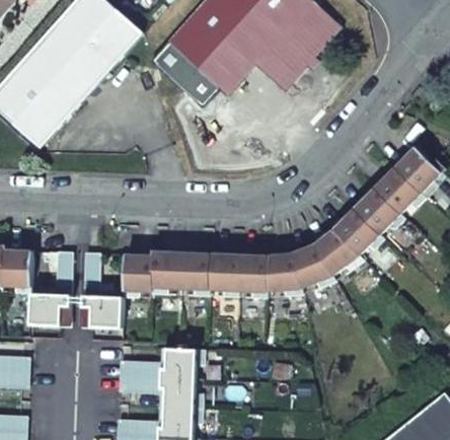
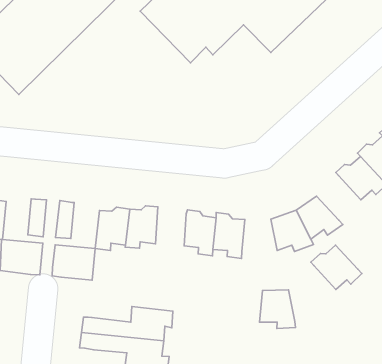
building: [333,208,384,251] -> [311,245,362,290]
building: [181,249,210,293] -> none
building: [267,254,302,293] -> [260,290,295,329]

